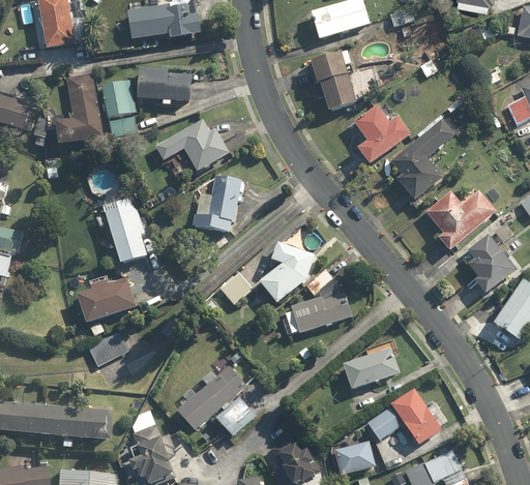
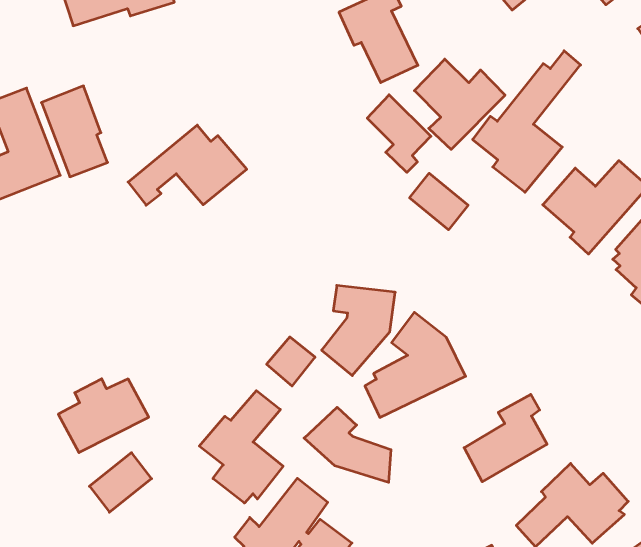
building: [138,64,192,105] -> none
building: none -> [367,95,431,172]
building: [193,175,240,234] -> none
building: none -> [410,173,468,230]
building: [104,196,145,265] -> none
building: none -> [199,391,283,503]
building: none -> [304,407,391,482]

